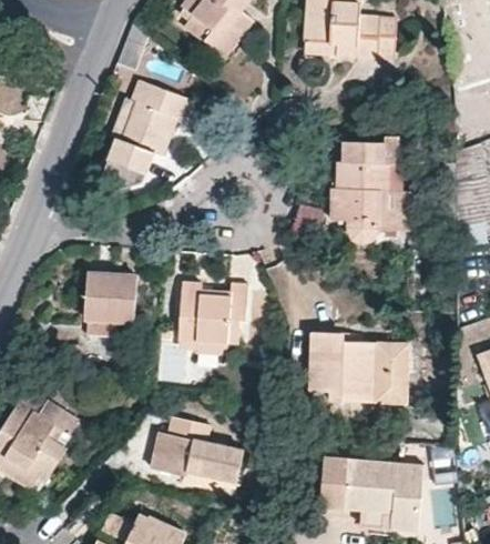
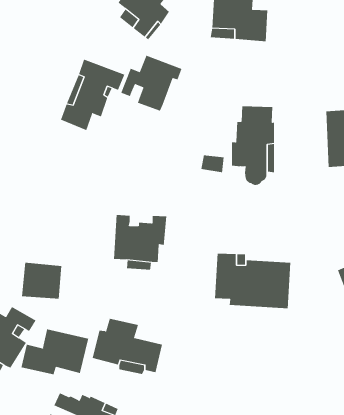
building: none -> [120,55,182,111]
building: [84,273,137,321] -> [21,262,62,299]
building: none -> [21,328,89,375]
building: [324,444,429,523] -> none

